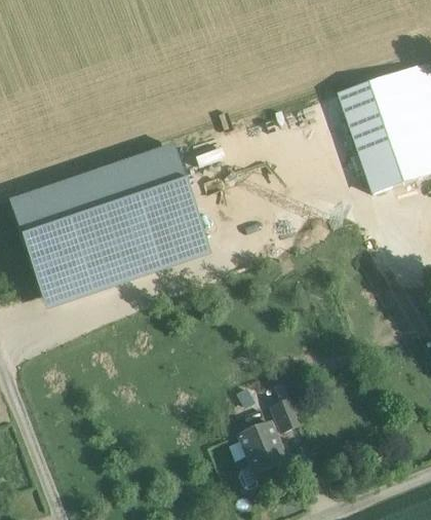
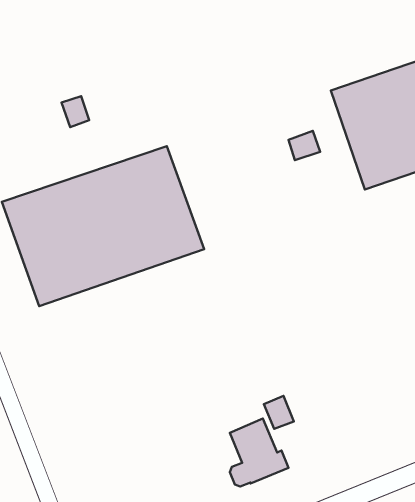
building: none -> [62,96,89,127]
building: none -> [288,131,320,160]

